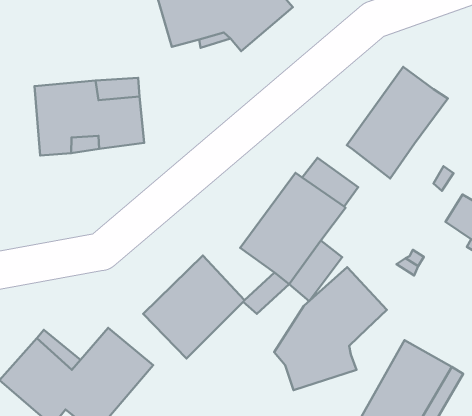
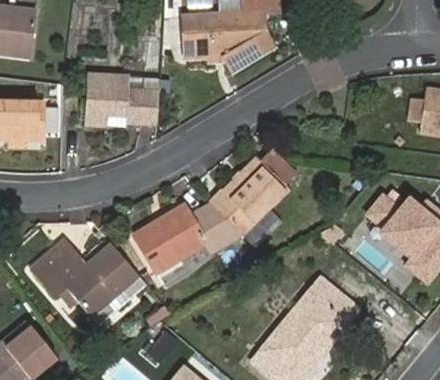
building: [347,67,448,178] -> none
building: none -> [195,204,235,241]
building: [274,267,387,390] -> none

